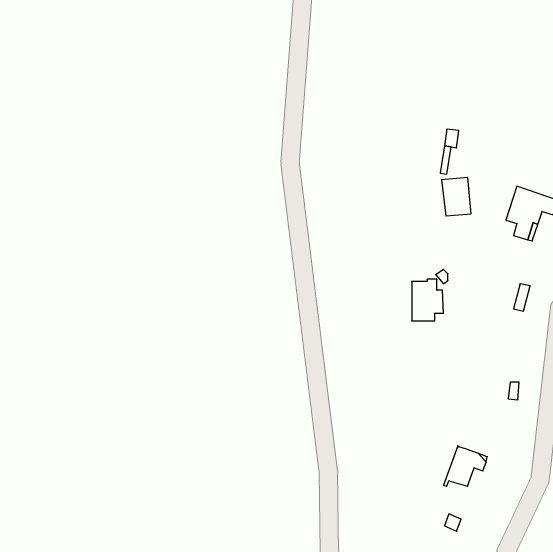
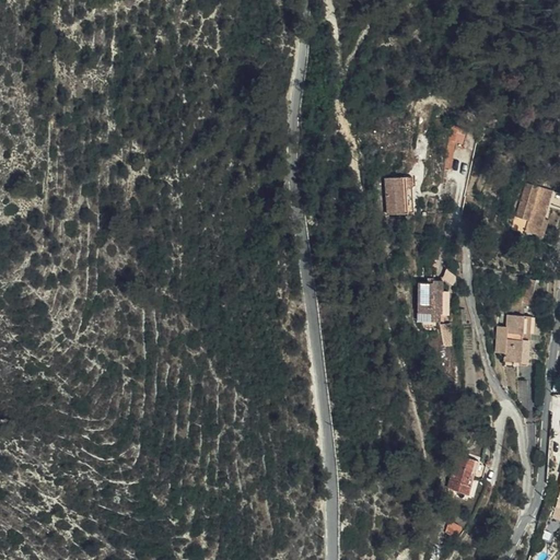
building: [442,178,471,216] -> [383,178,412,217]
building: none -> [494,315,530,363]

